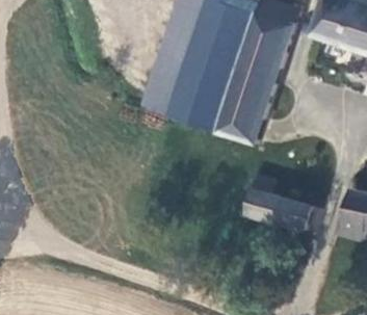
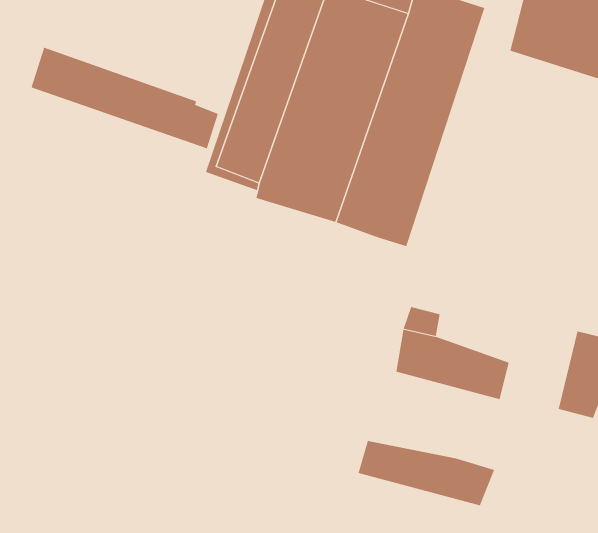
building: none -> [31,47,218,149]
building: none -> [358,440,495,506]

